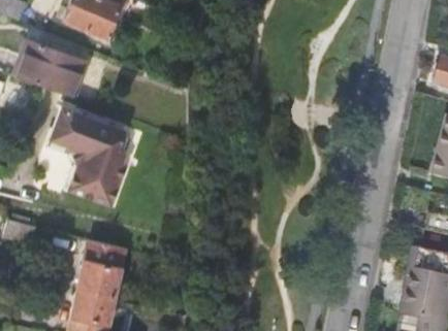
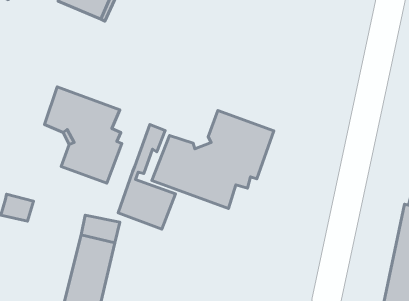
building: [12,40,87,98] -> none
building: none -> [152,111,274,208]
building: none -> [118,124,176,229]

